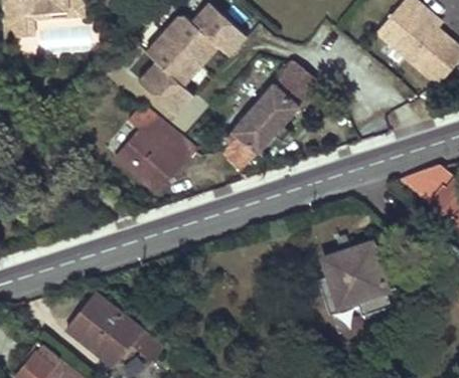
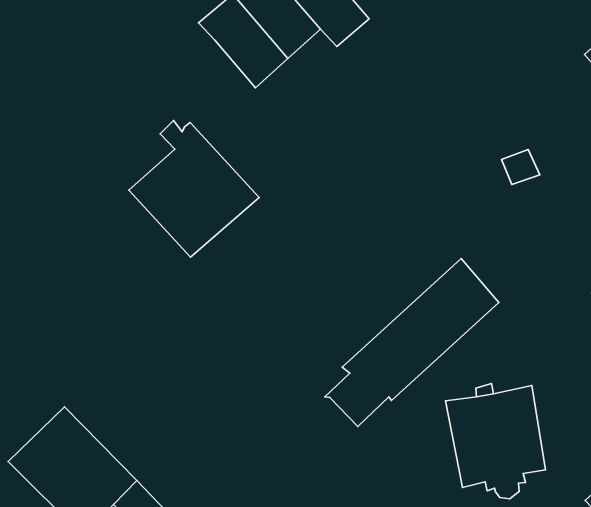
building: [137,60,193,115] -> none
building: [217,61,314,170] -> [325,259,499,426]

